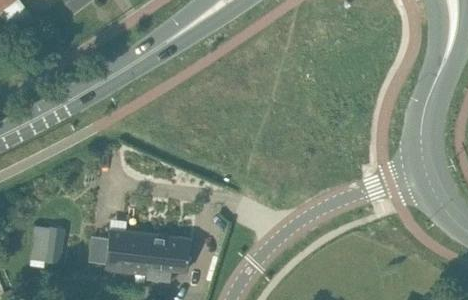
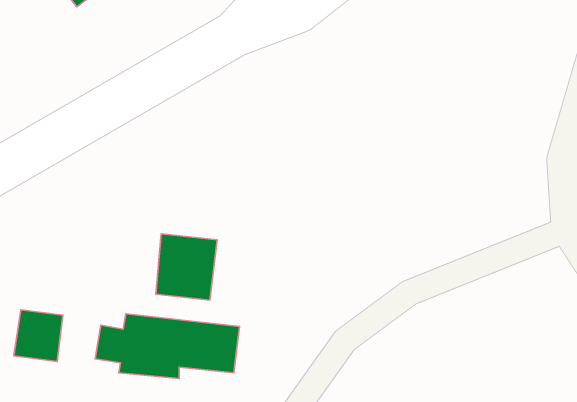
building: none -> [156,234,217,300]

